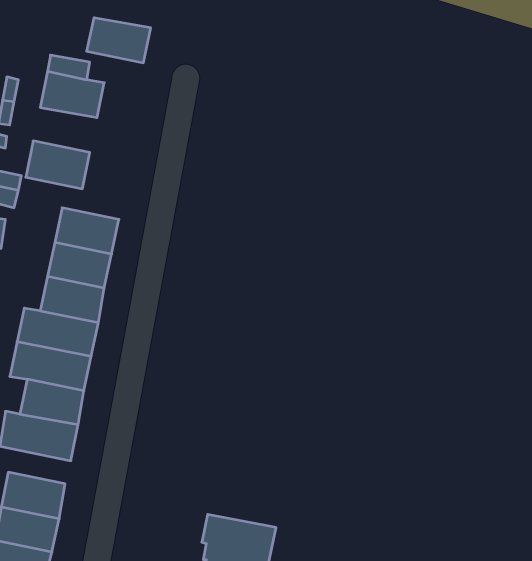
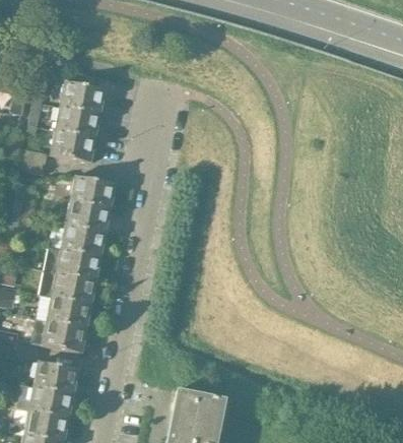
building: [87,18,151,63] -> [54,108,98,139]

